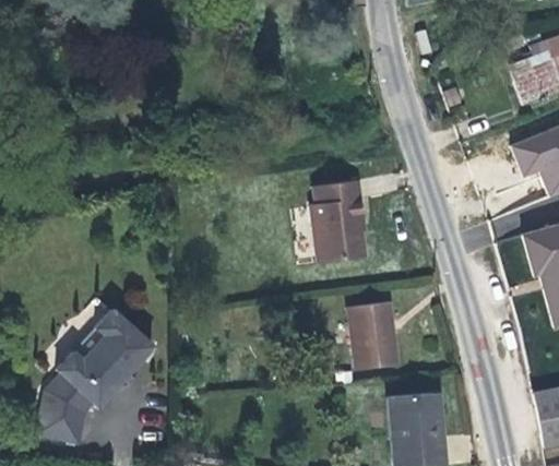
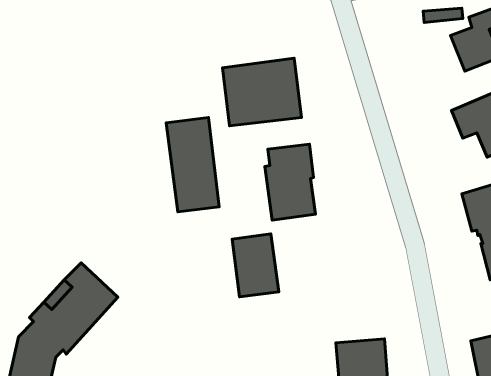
building: none -> [222,58,302,126]
building: none -> [166,118,219,212]
building: [348,301,399,369] -> [232,234,279,297]

